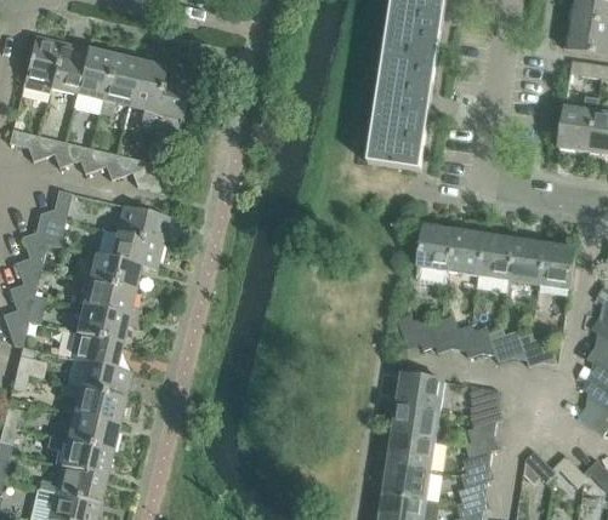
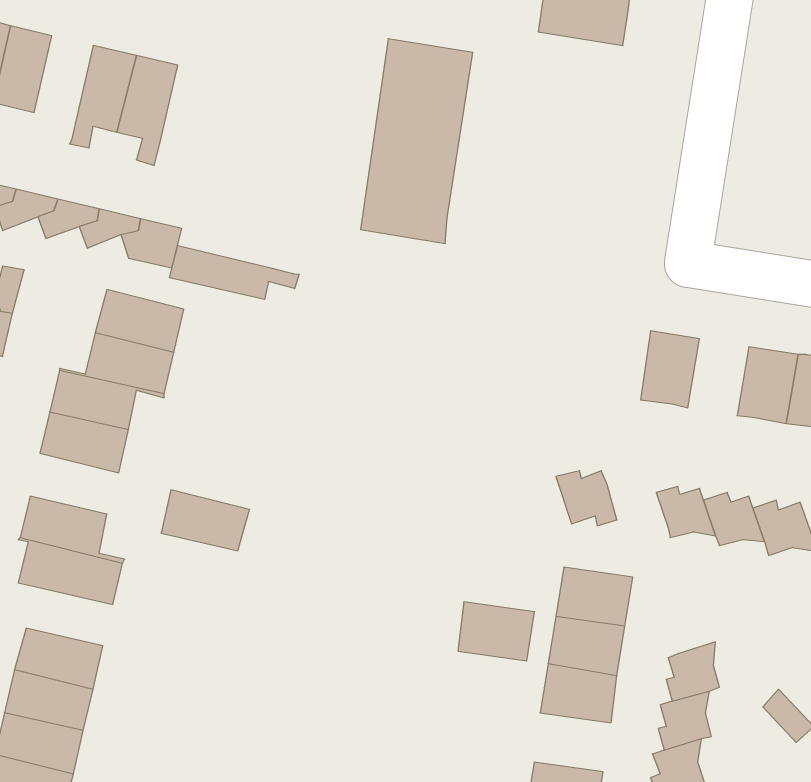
building: [369,45,438,171] -> [361,39,473,243]
building: [73,47,112,112] -> none
building: [153,65,191,119] -> none
building: none -> [169,245,299,299]
building: [416,224,455,286] -> none
building: [478,234,516,281] -> none
building: [73,304,127,342] -> [161,490,250,551]
building: [428,315,466,353] -> none
building: [70,387,124,423] -> none
building: [468,390,501,428] -> none
building: [383,464,431,501] -> [458,602,535,661]

